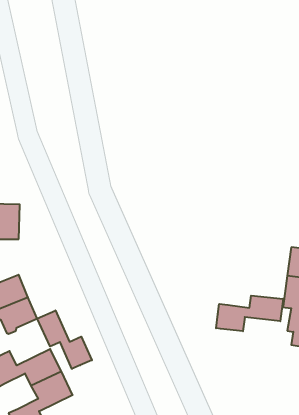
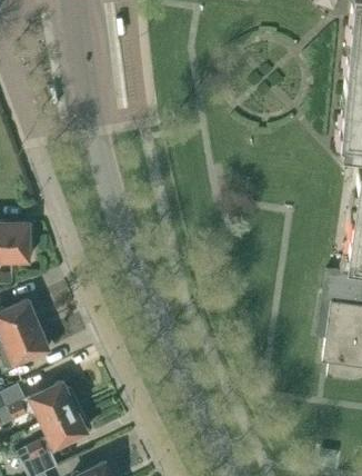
building: [216,296,283,331] -> none
building: [37,310,92,369] -> none

